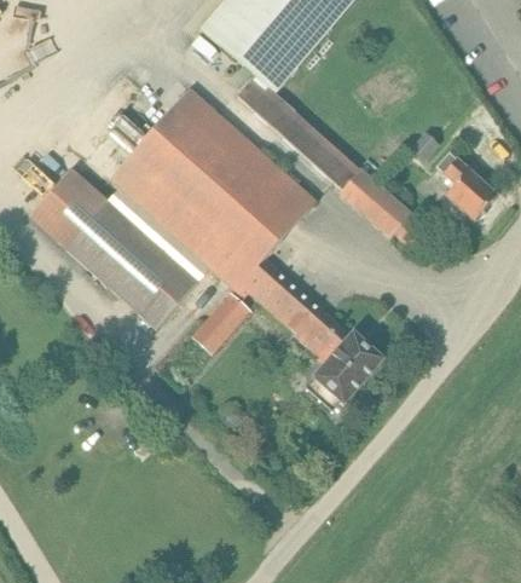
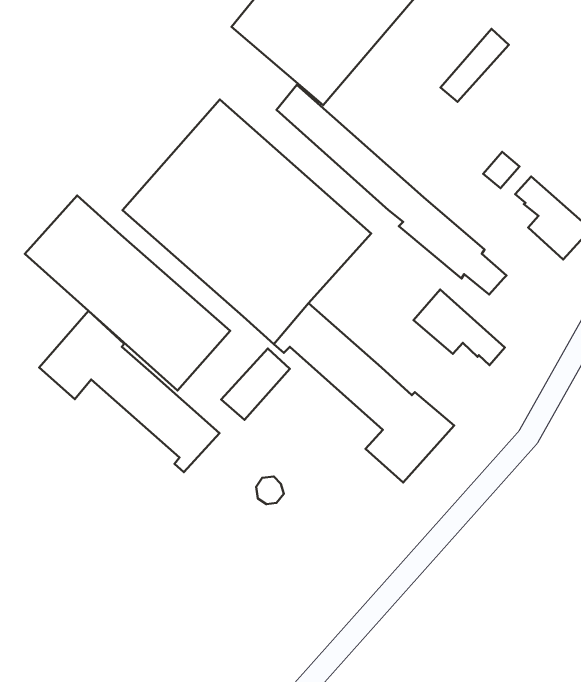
building: none -> [440,29,509,102]
building: none -> [414,290,505,365]
building: none -> [39,311,220,472]

